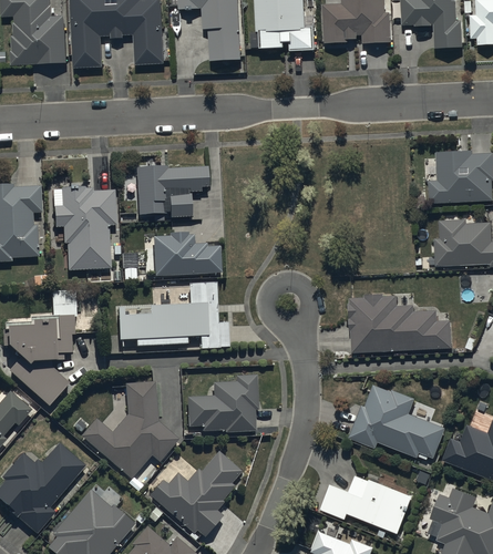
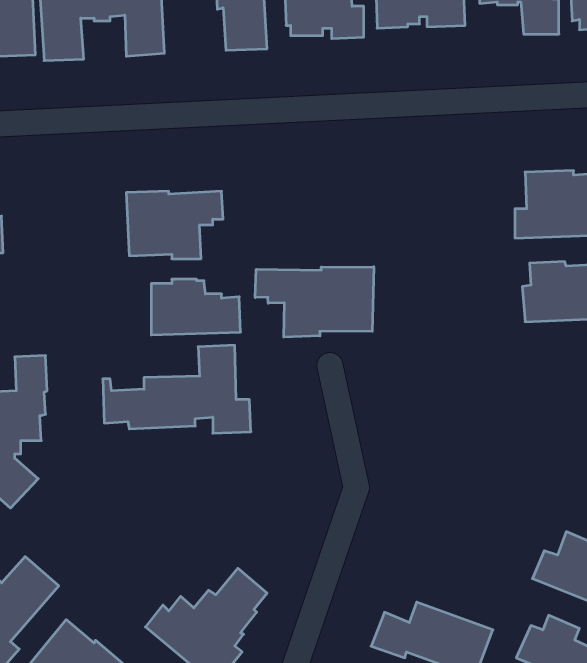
building: [53,184,116,269] -> none
building: none -> [255,267,374,337]
building: [348,294,452,351] -> none
building: [186,375,258,432] -> none
building: [81,381,178,479] -> none
building: [349,384,445,458] -> none

